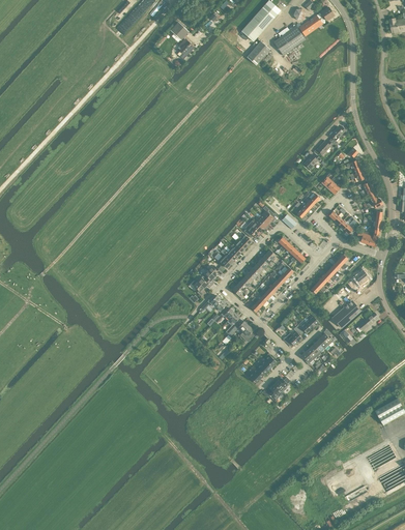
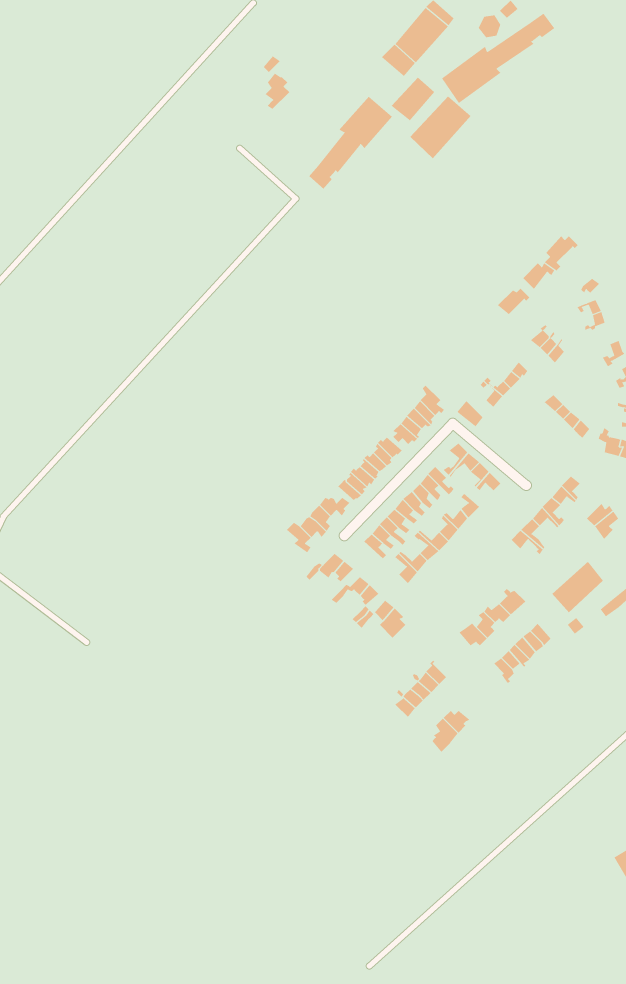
building: none -> [410,96,471,159]
building: none -> [309,96,393,190]

